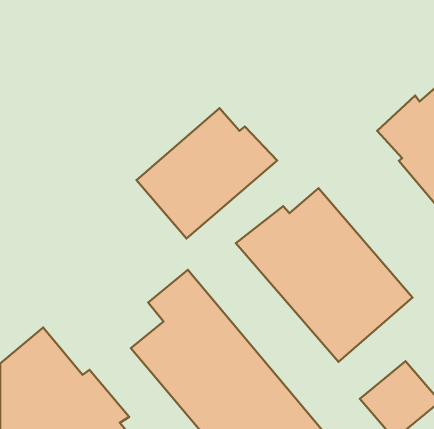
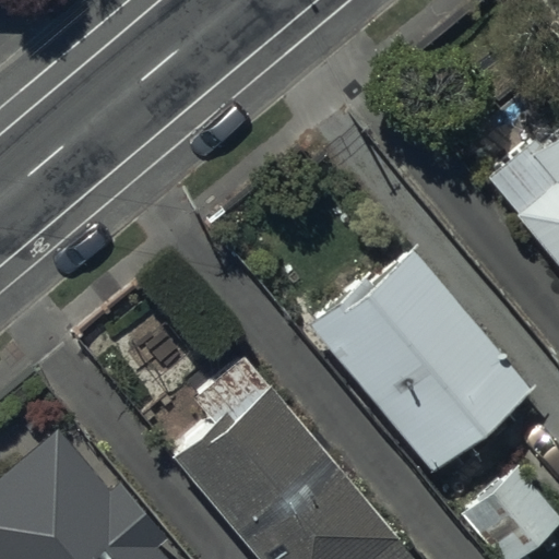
building: [137,108,277,238] -> none

